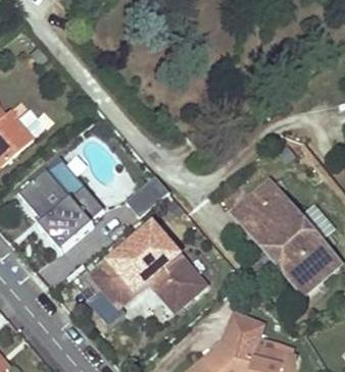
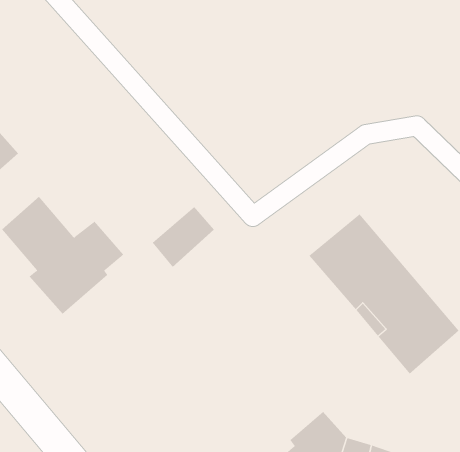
building: [92,224,205,309] -> none

